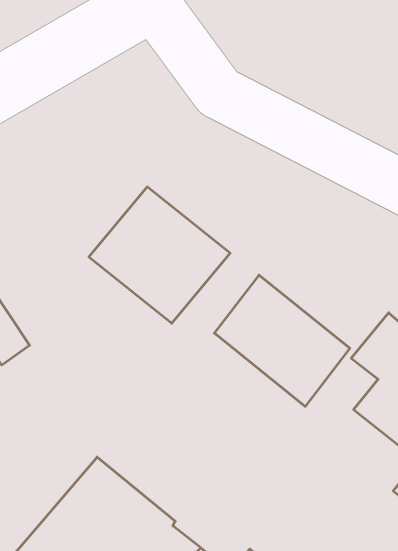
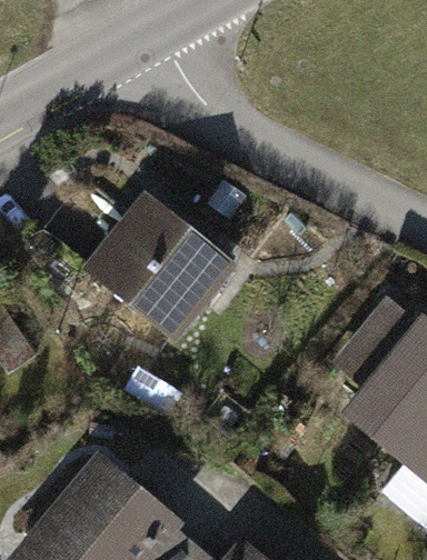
building: [214,275,350,406] -> none

